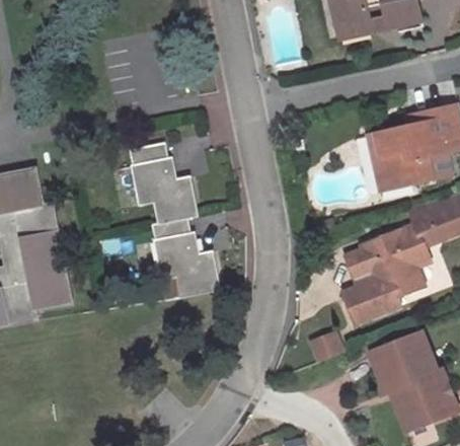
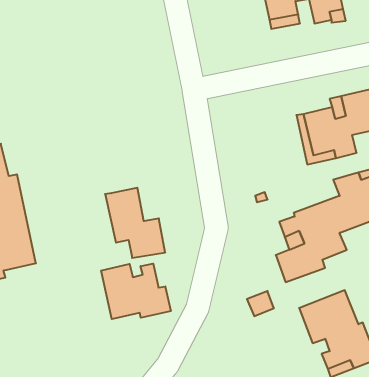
building: [129,142,198,222] -> none
building: none -> [101,264,171,319]

